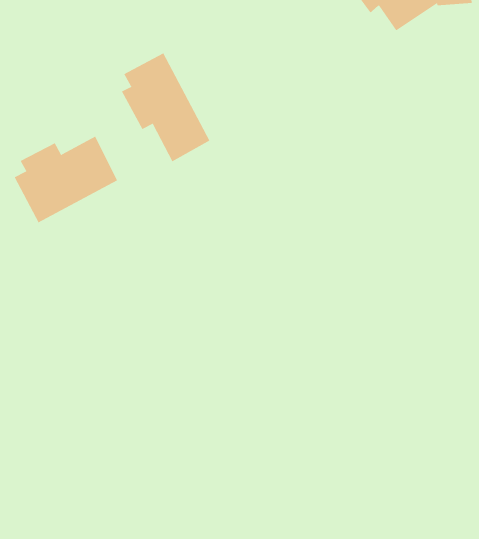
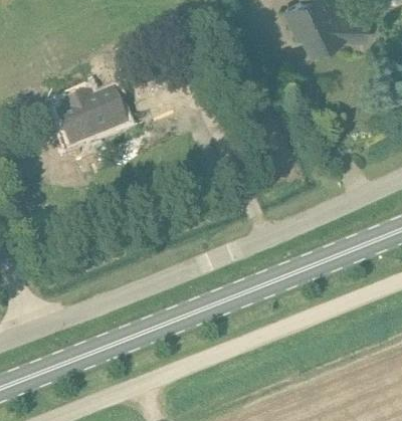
building: [121,52,210,162] -> none

